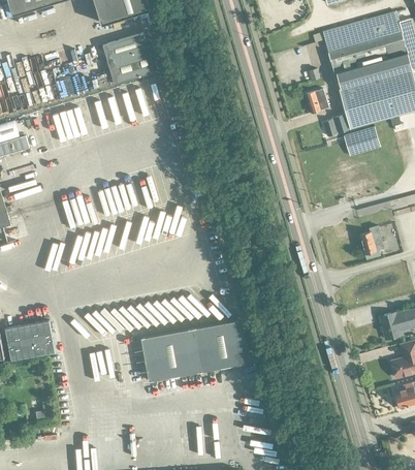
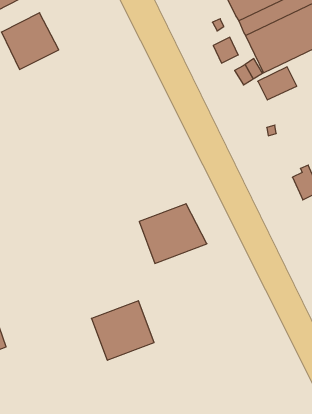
building: [190,319,252,372] -> [139,204,207,263]

